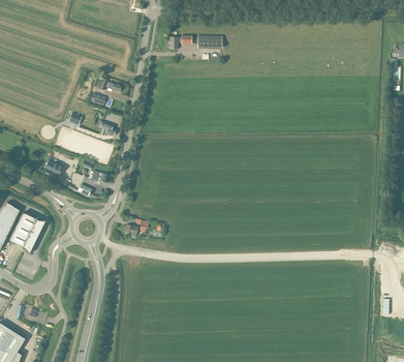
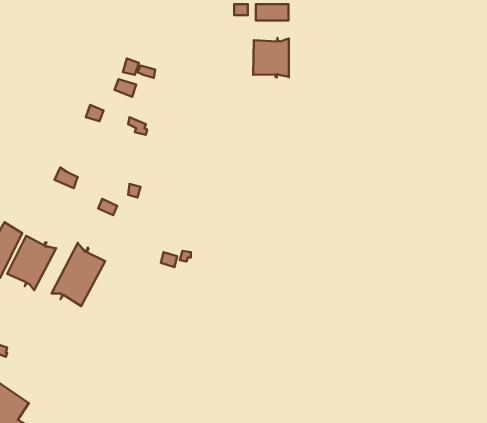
building: none -> [253,38,289,77]
building: none -> [52,243,105,306]

